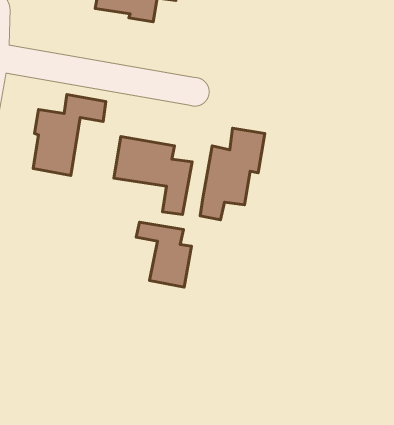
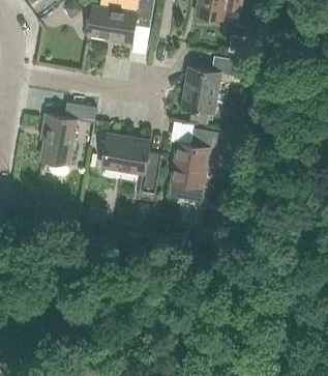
building: none -> [182,56,242,113]
building: [136,222,191,287] -> none

